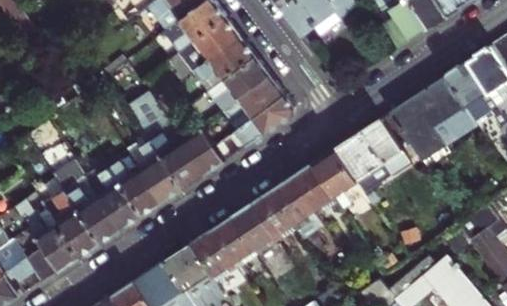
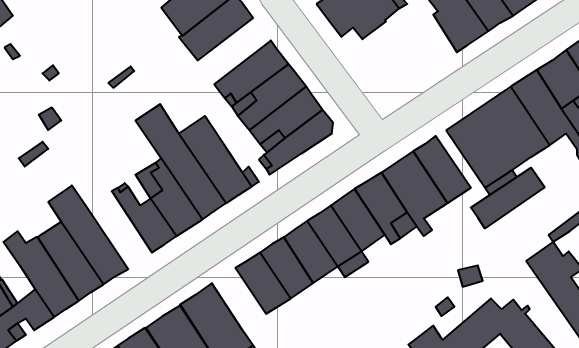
building: [167,16,241,81] -> none
building: none -> [471,168,545,228]
building: [85,163,140,229] -> none
building: [191,228,237,281] -> none

